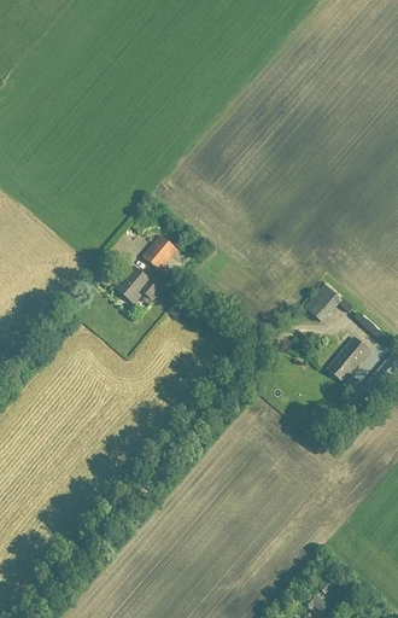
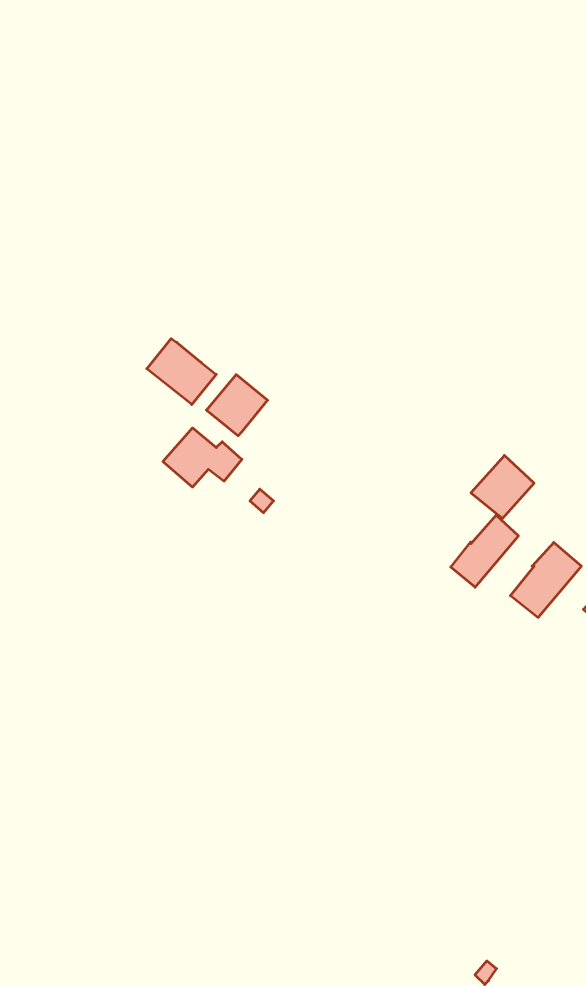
building: none -> [147,339,216,405]
building: none -> [451,515,518,587]

